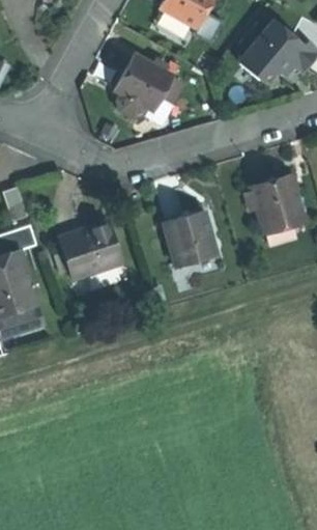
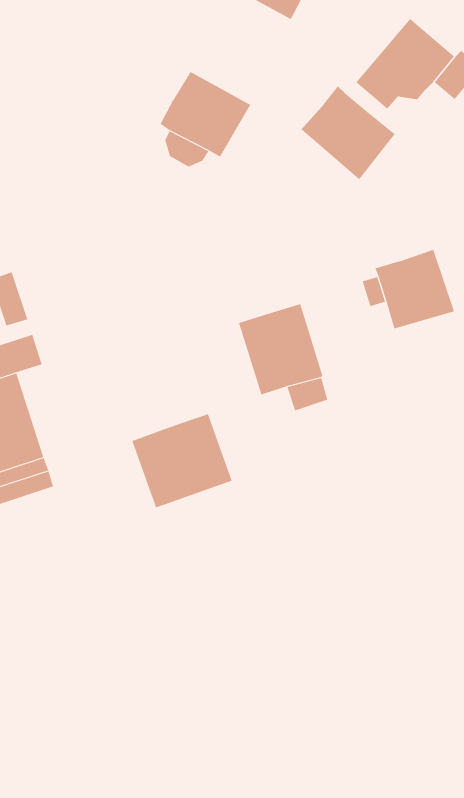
building: none -> [301,86,395,180]
building: [59,219,124,280] -> [132,413,233,508]

